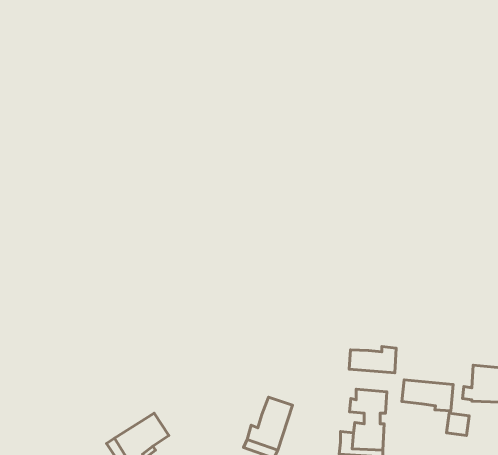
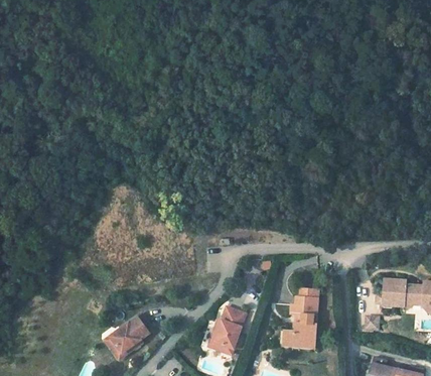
building: [349,346,396,373] -> none
building: [402,380,453,411] -> none

